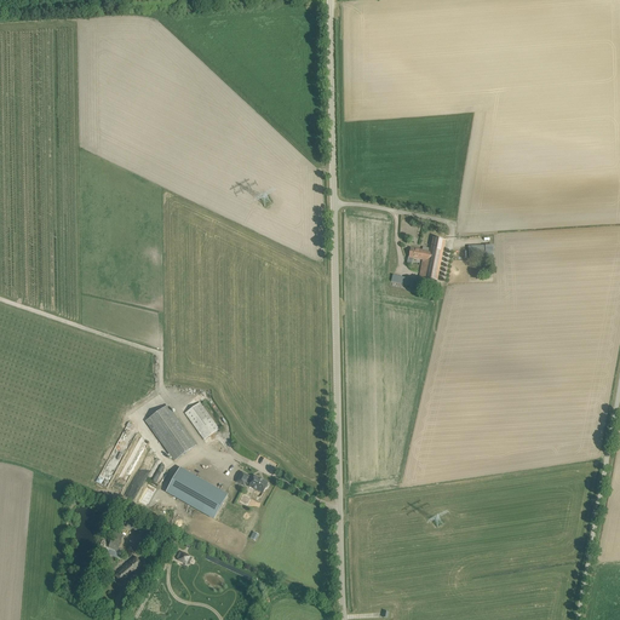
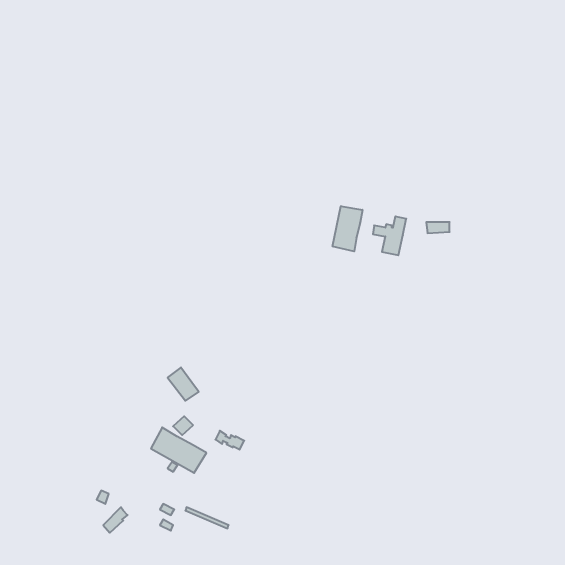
building: none -> [333,206,362,251]
building: [144,403,194,459] -> none

